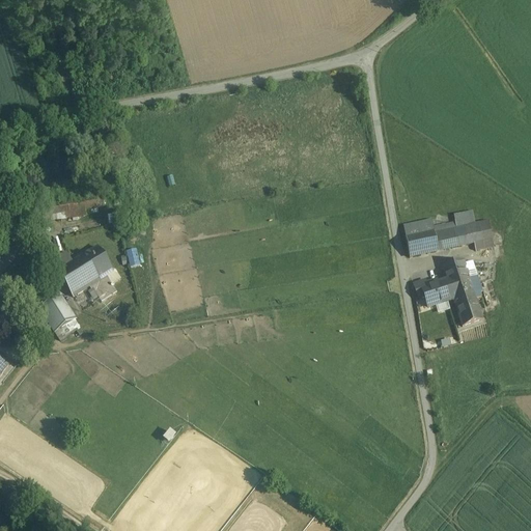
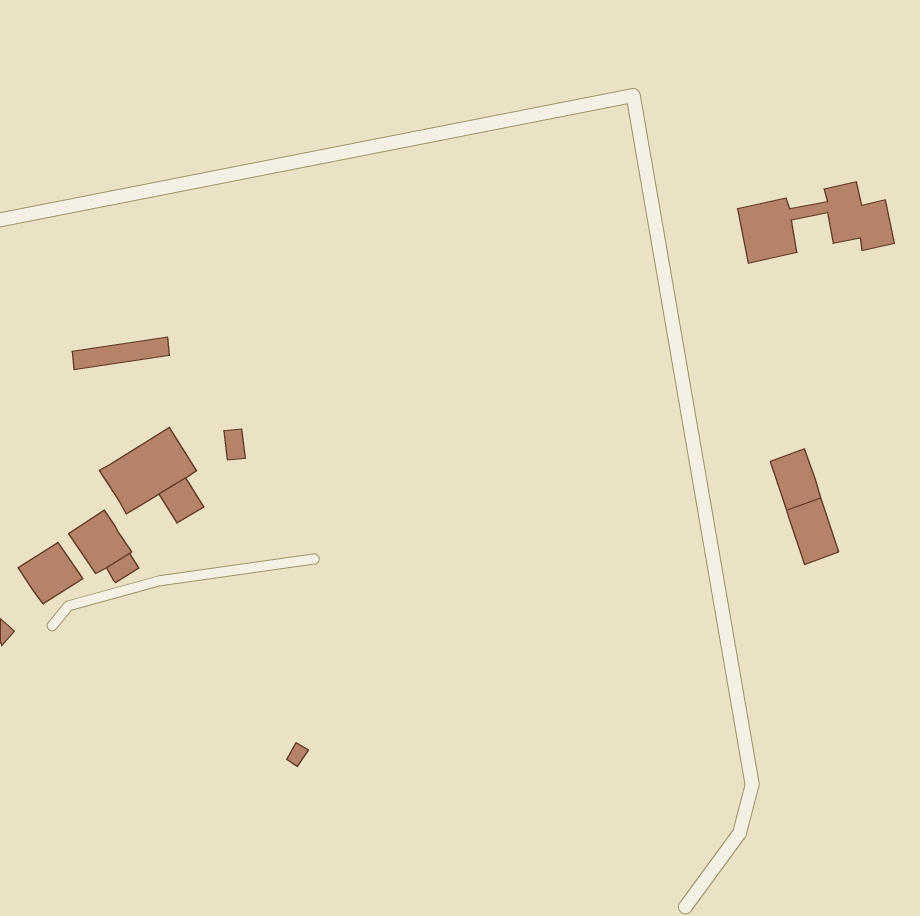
building: [404,208,495,255] -> [737,182,894,263]
building: [423,278,454,305] -> none
building: none -> [18,542,83,604]

